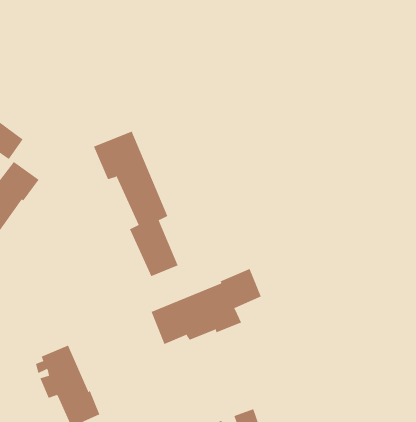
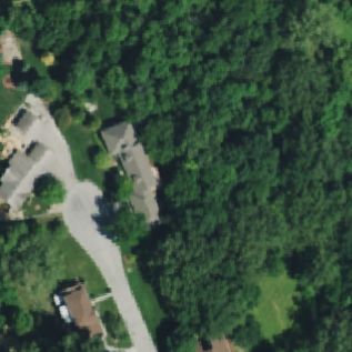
building: [151,268,261,345] -> none

